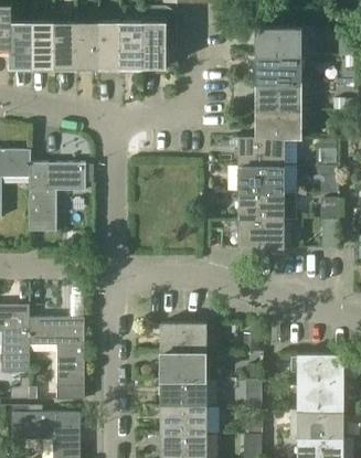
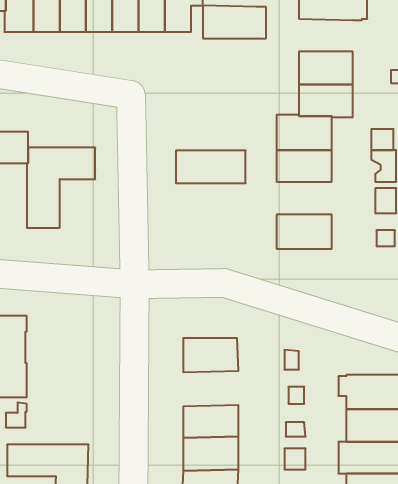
building: [257,56,310,84] -> [203,6,266,38]
building: [238,193,297,221] -> [176,150,246,183]
building: [28,319,84,401] -> none
building: [160,352,206,382] -> none

